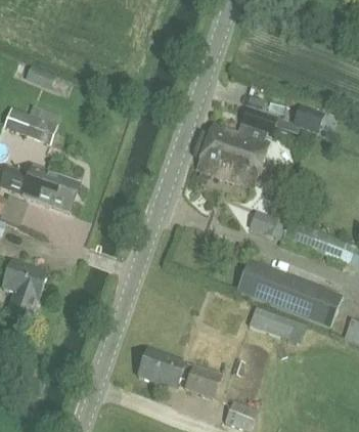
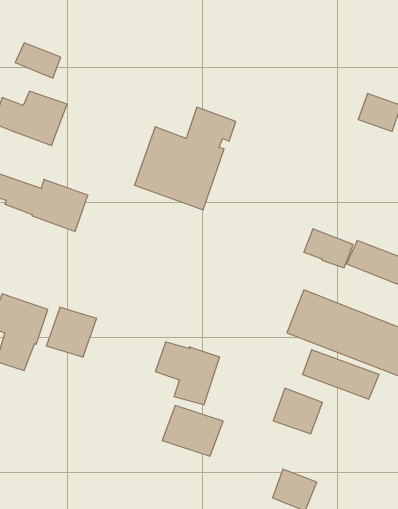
building: [197,105,277,186] -> [134,107,236,210]
building: none -> [47,307,96,357]
building: none -> [155,342,219,405]
building: [183,362,222,398] -> [273,388,323,434]

